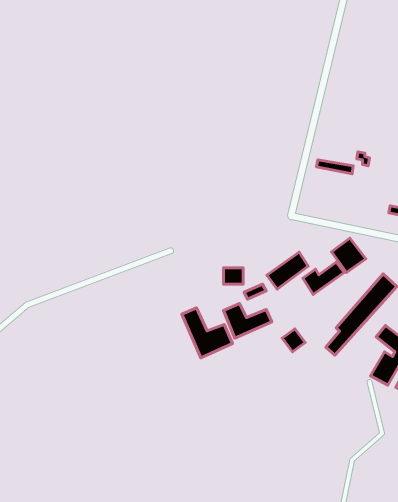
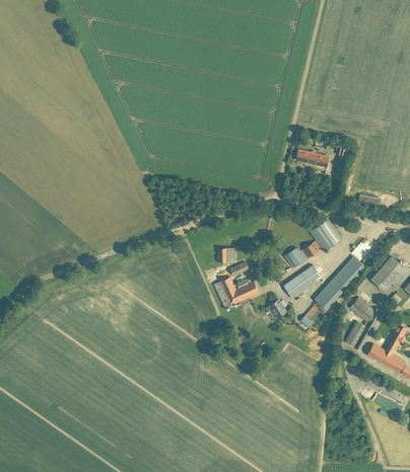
building: [267,252,308,289] -> [283,264,320,297]
building: [182,308,233,358] -> none

